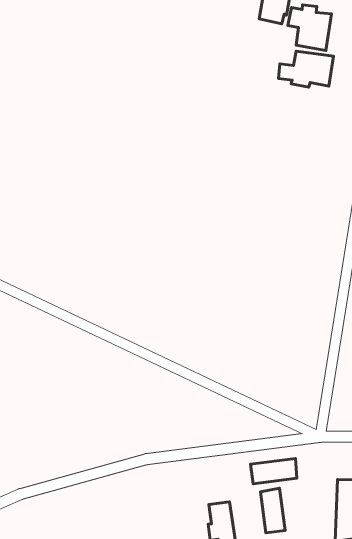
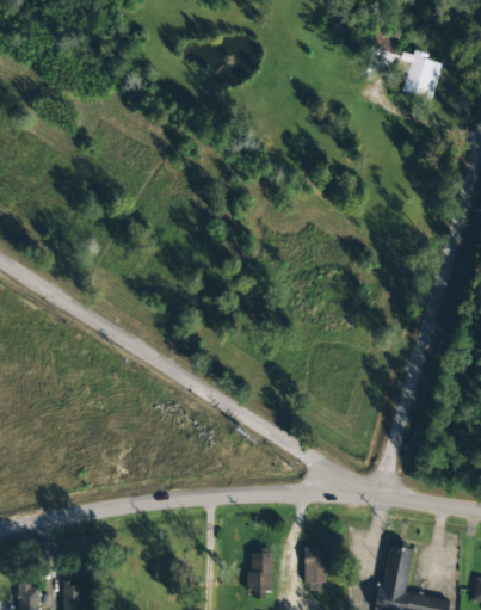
building: [278,51,334,87] -> none
building: [250,458,297,484] -> none

